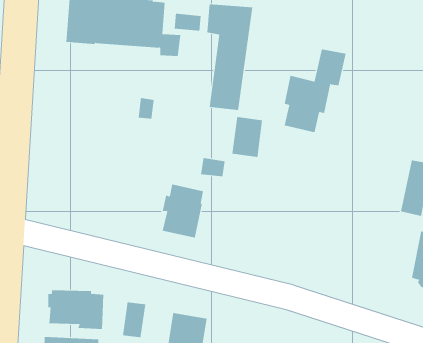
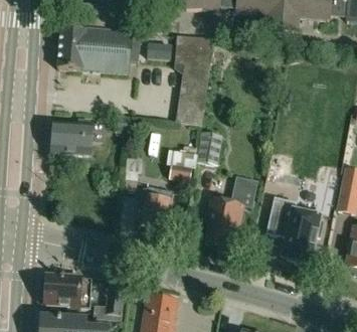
building: [284,49,346,133] -> [205,174,257,244]
building: none -> [51,119,104,154]
building: none -> [261,200,318,266]

